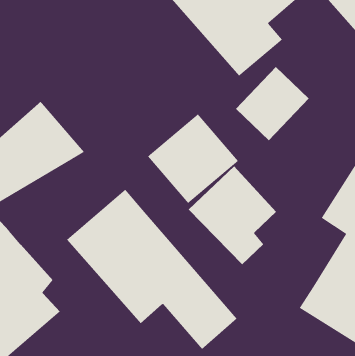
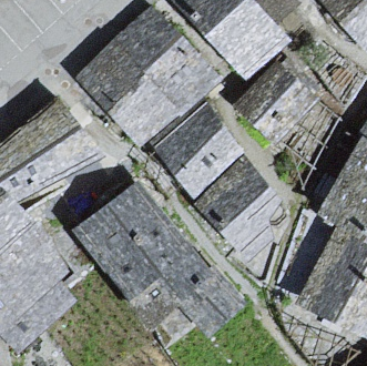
building: none -> [78,9,212,142]

